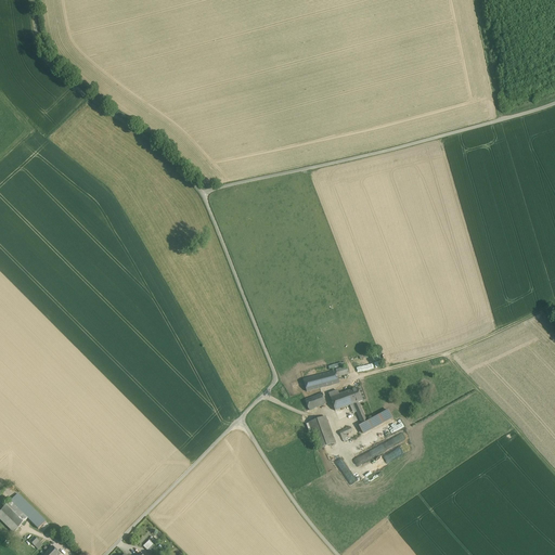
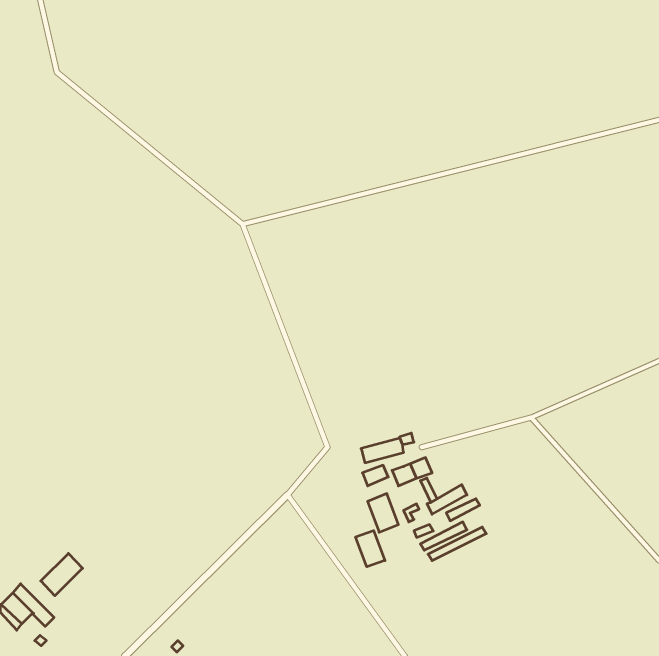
building: none -> [356,531,385,567]
building: none -> [41,553,83,596]

